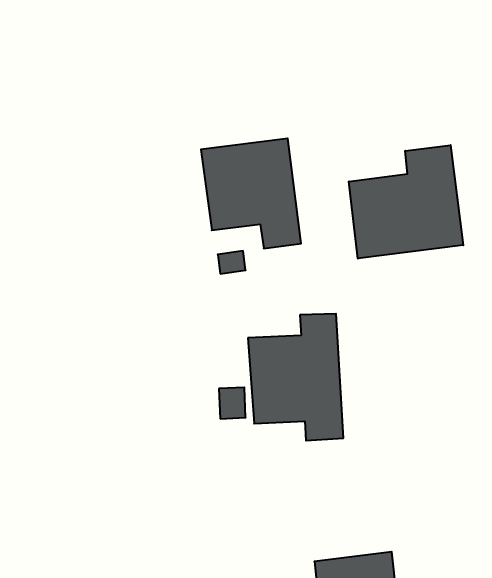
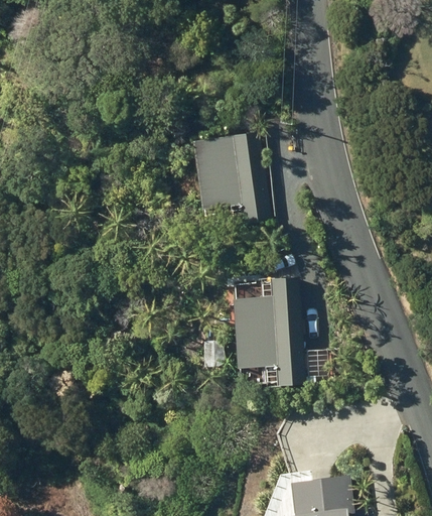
building: [349,145,463,259] -> none

